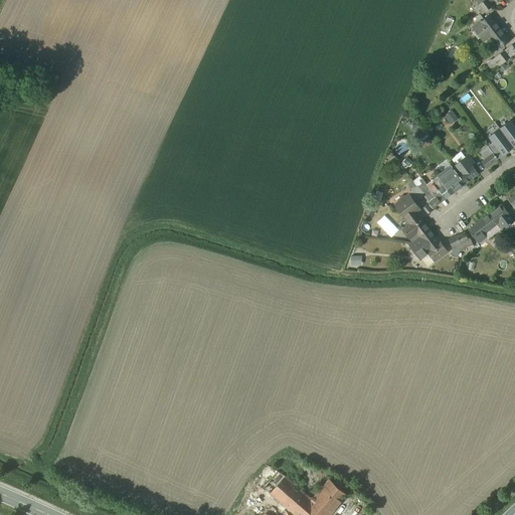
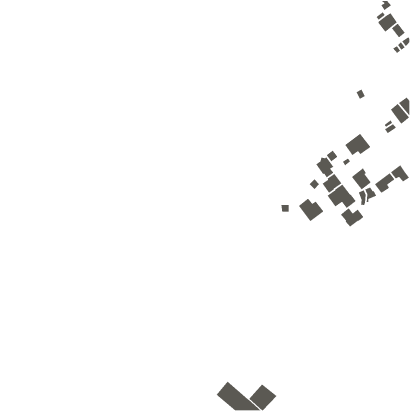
building: [452,155,478,184] -> [351,167,372,190]
building: none -> [298,197,325,222]
building: none -> [340,207,364,228]

